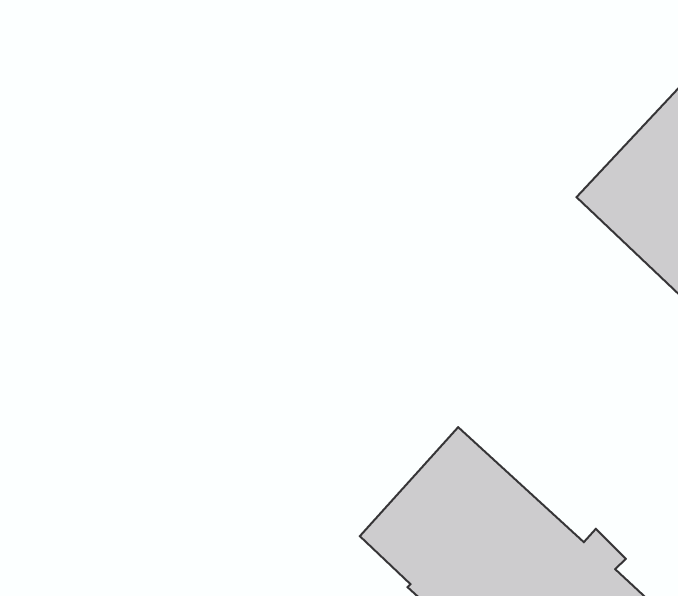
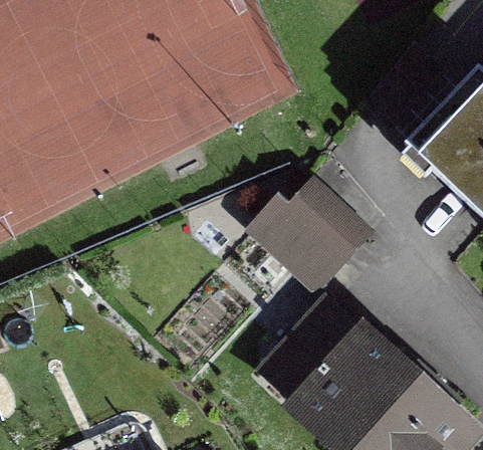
building: none -> [253,184,369,275]

